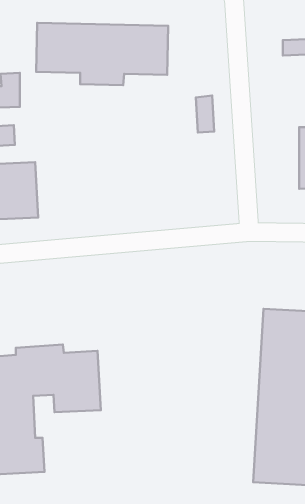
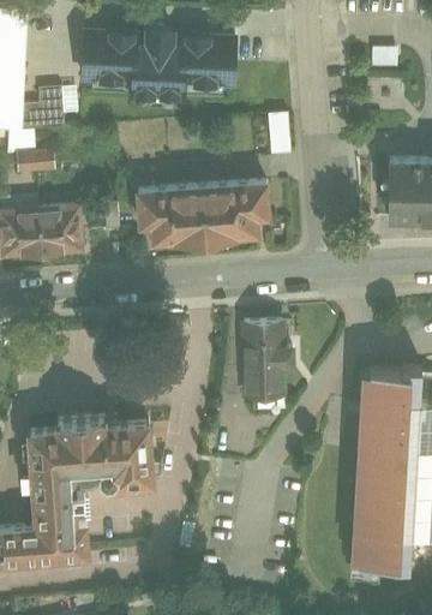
building: none -> [136,173,274,249]
building: none -> [240,321,295,404]

